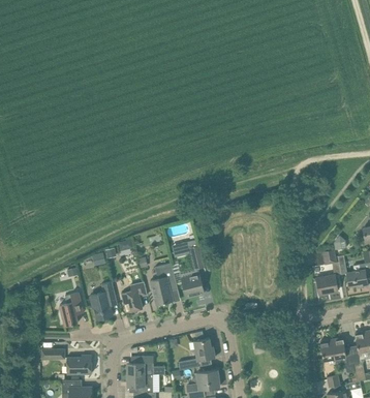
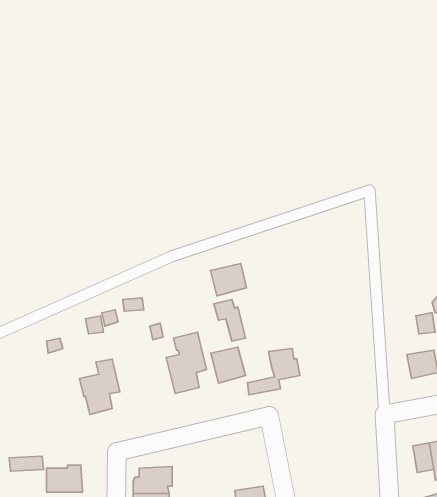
building: none -> [211,263,246,296]
building: [121,281,147,312] -> none
building: [60,293,83,326] -> none
building: [179,338,215,370] -> [247,349,300,395]

